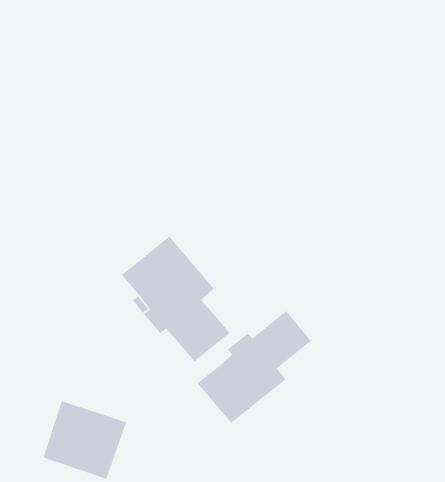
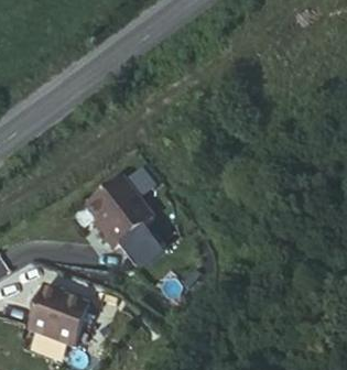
building: [197,310,312,424] -> none

